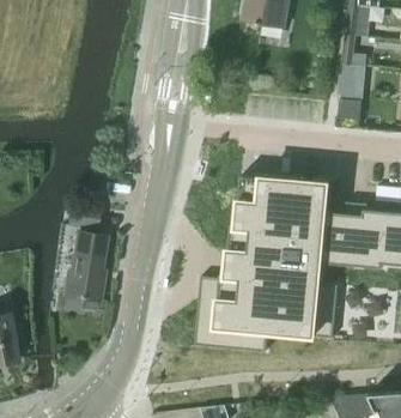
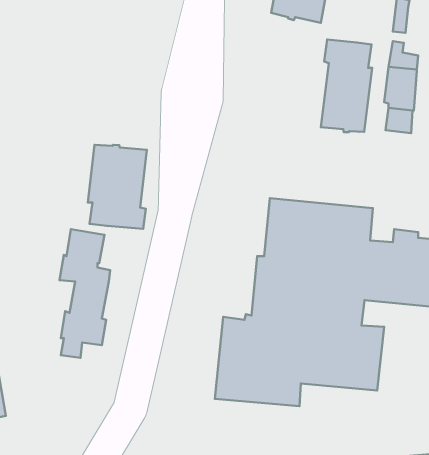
building: none -> [321,39,372,132]
building: none -> [88,145,147,229]

